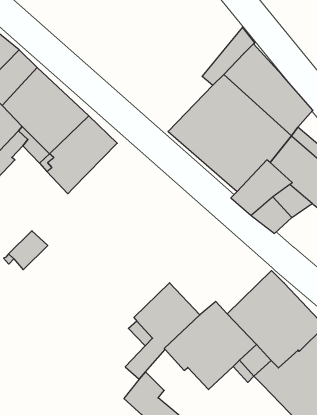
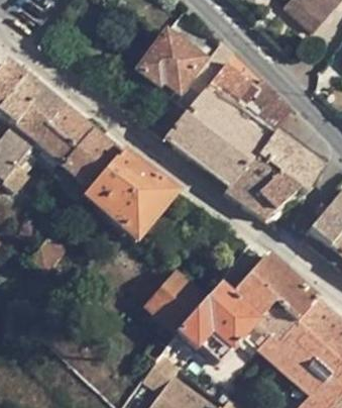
building: none -> [138,32,211,93]
building: none -> [84,151,176,240]

